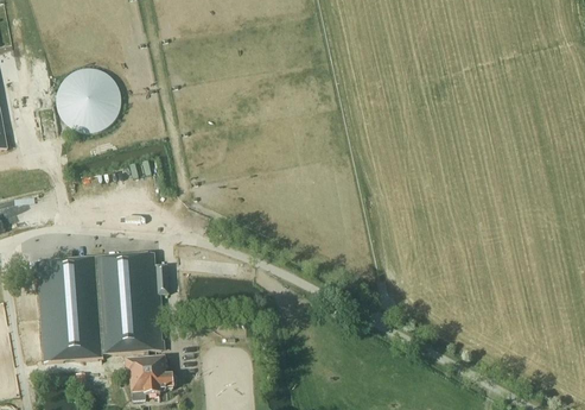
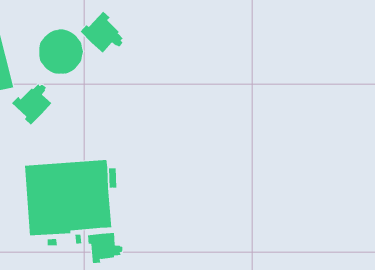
building: none -> [80,11,124,53]
building: none -> [11,83,52,126]

